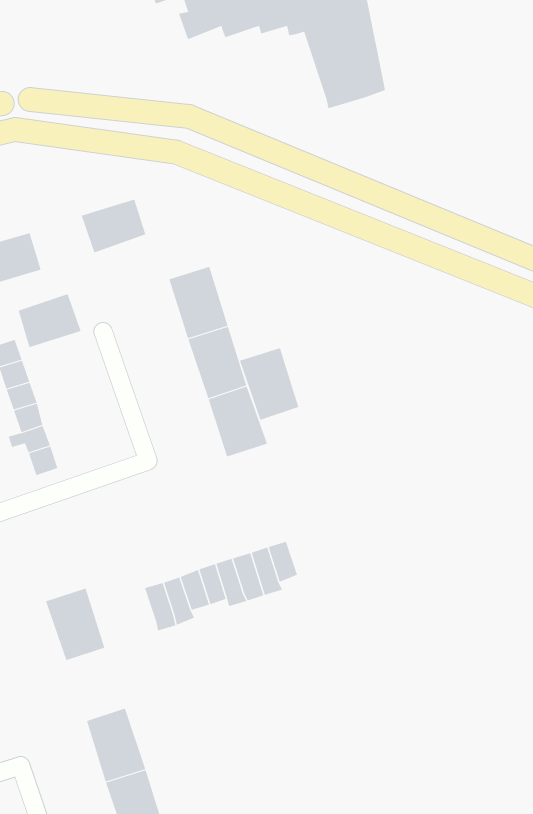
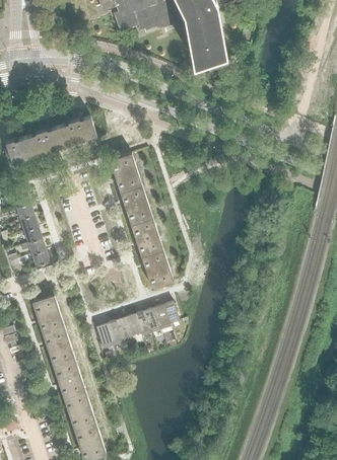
building: [18,294,81,348] -> [33,125,68,154]
building: [239,347,299,420] -> [140,248,173,288]
building: none -> [31,294,64,333]
building: none -> [53,359,85,398]

